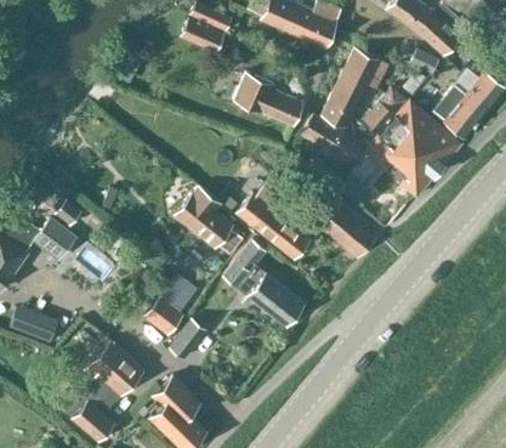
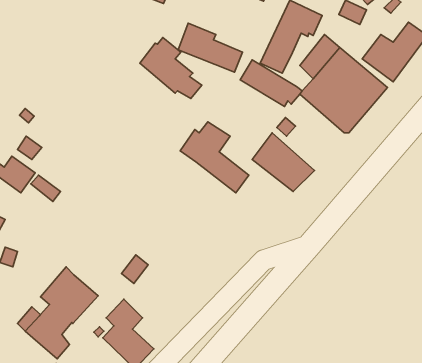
building: [174,186,241,253] -> [140,38,202,99]
building: [223,239,305,327] -> none
building: [144,273,199,333] -> none

